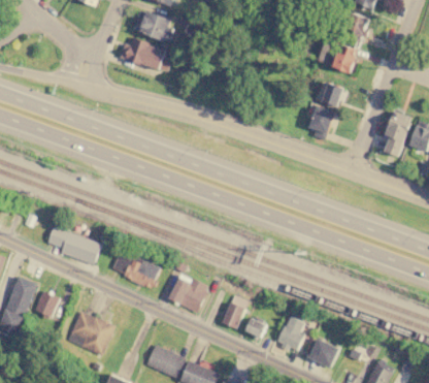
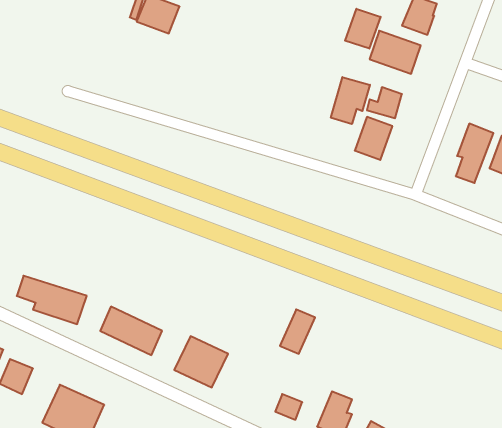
building: none -> [345,9,381,49]
building: [126,38,174,73] -> none
building: none -> [331,77,370,124]
building: [222,294,249,328] -> [280,309,315,354]

